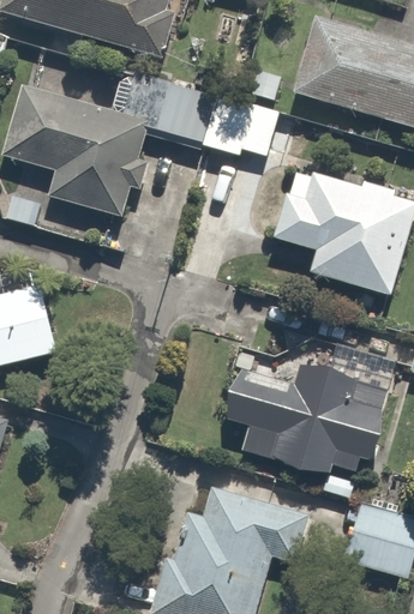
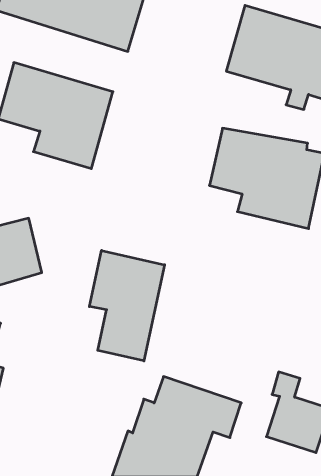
building: [152,78,280,158] -> none
building: none -> [89,250,165,361]
building: [221,357,396,480] -> none

